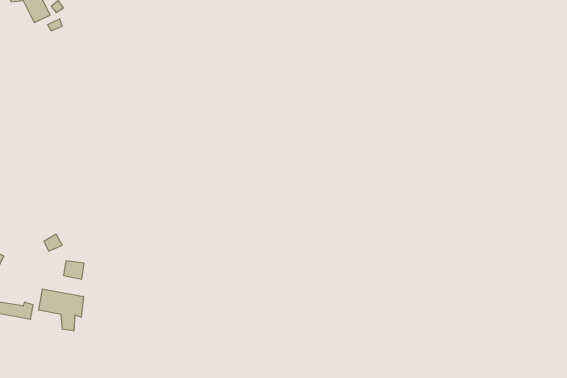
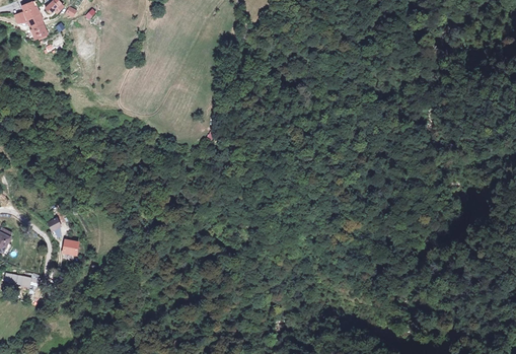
building: [39,289,83,331] -> none

